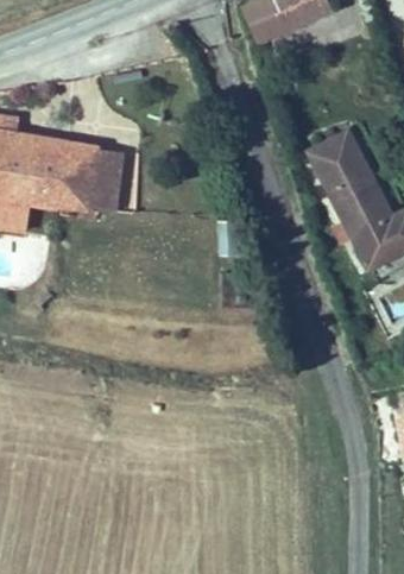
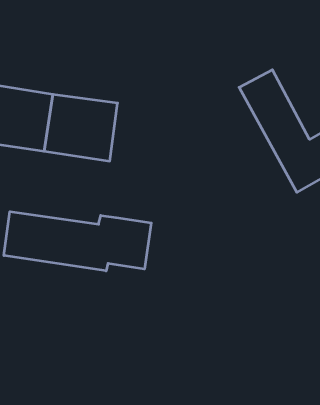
building: none -> [4,212,151,271]

